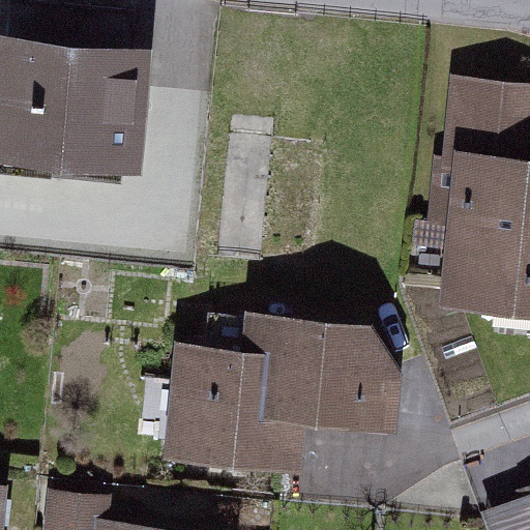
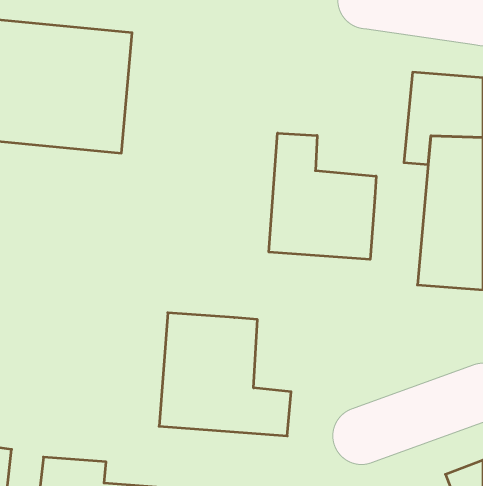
building: none -> [269,133,376,259]
building: [252,316,411,434] -> none

